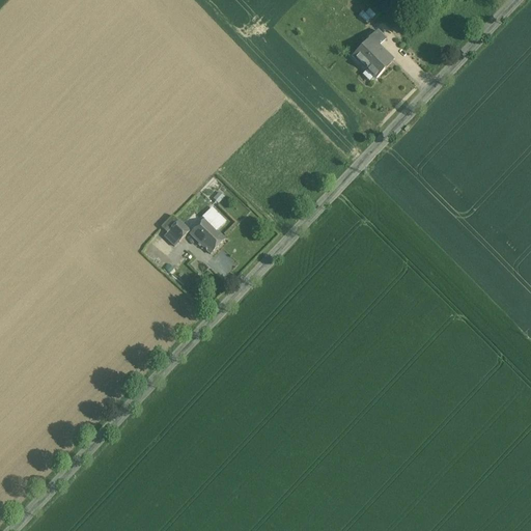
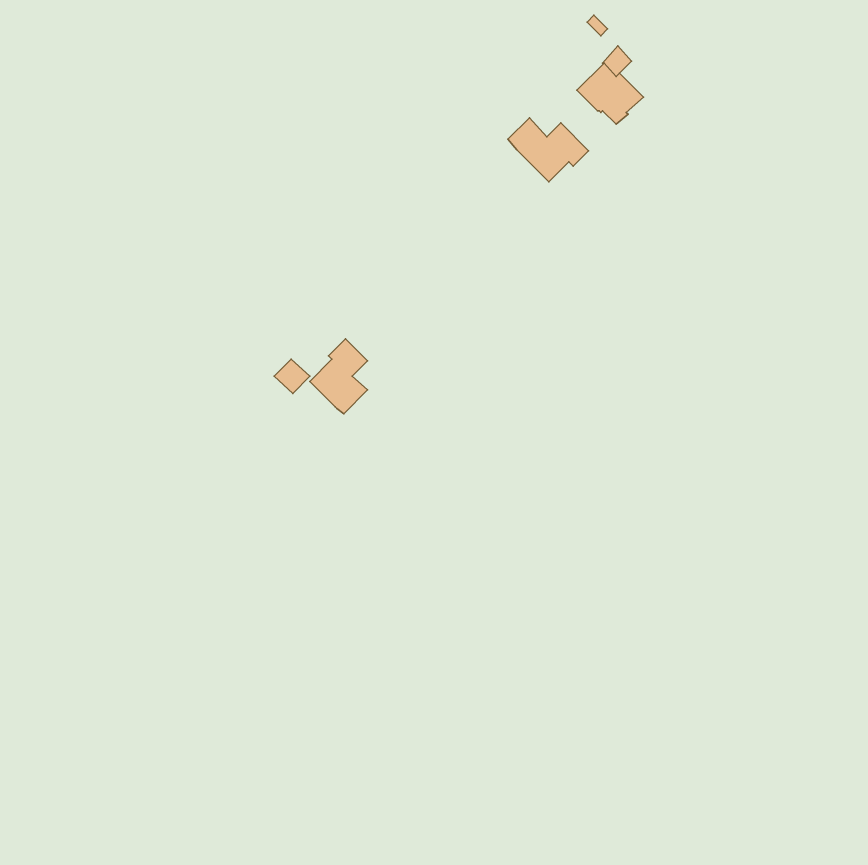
building: none -> [508,118,589,182]

